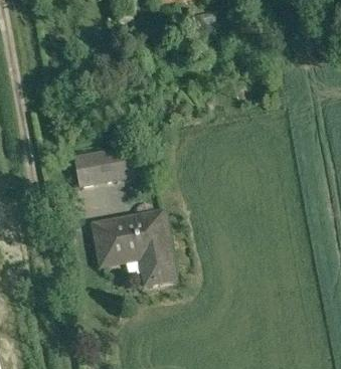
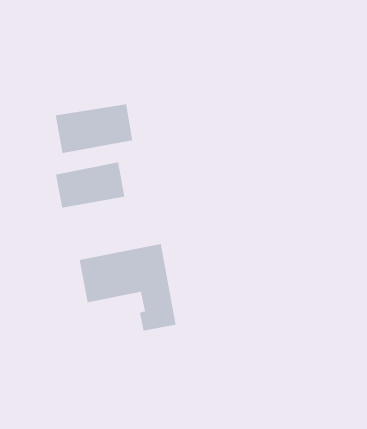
building: none -> [55,103,133,154]

